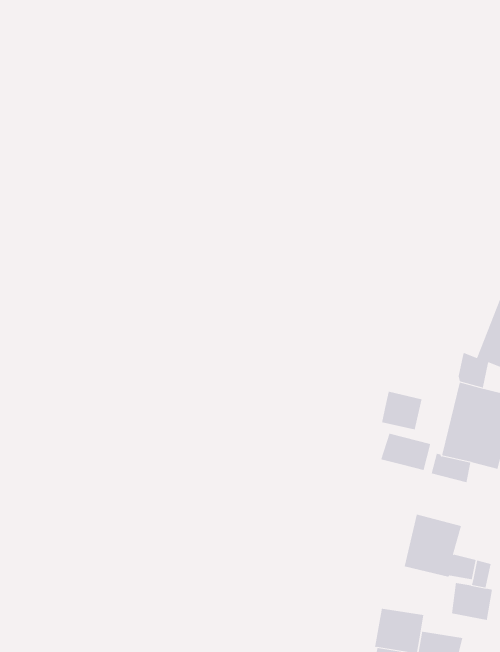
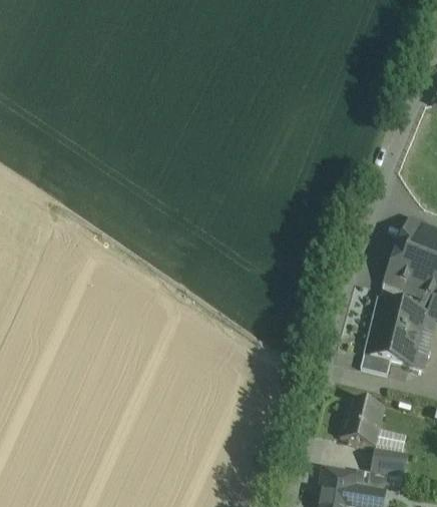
building: [381,391,422,431] -> none
building: [381,433,431,471] -> none

